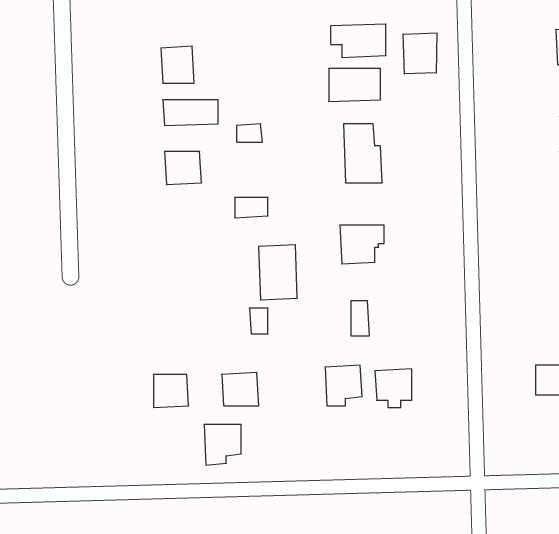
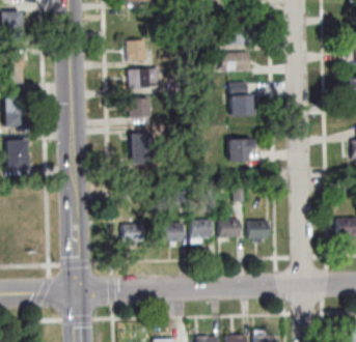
building: [403,33,437,74] -> none
building: [259,245,297,300] -> [131,134,153,165]
building: [204,424,241,465] -> [191,221,212,244]

